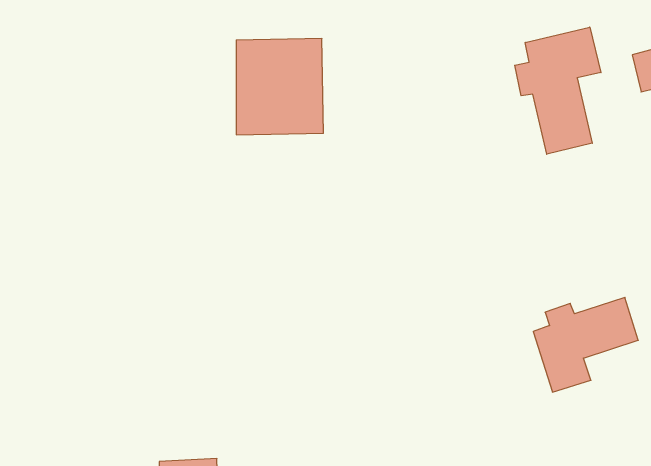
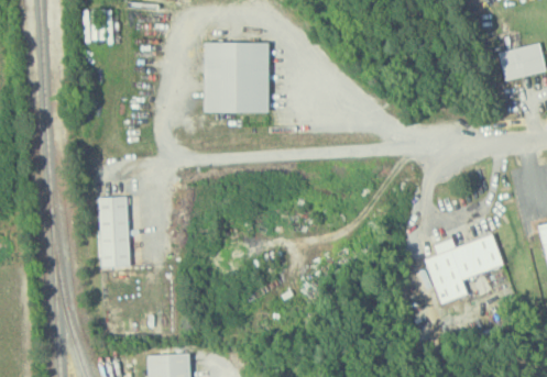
building: [515,27,601,154] -> none
building: none -> [98,197,129,268]

